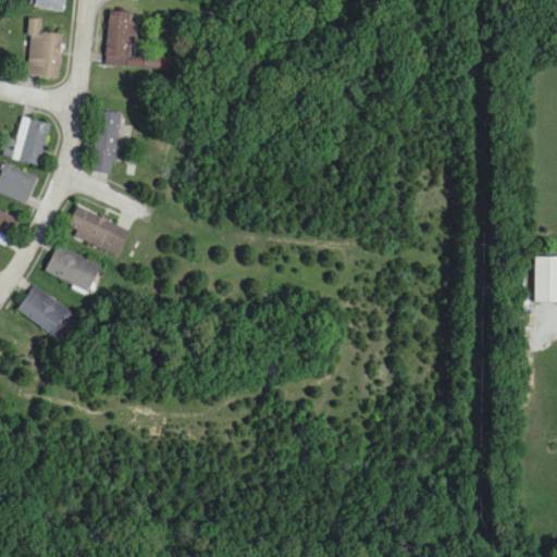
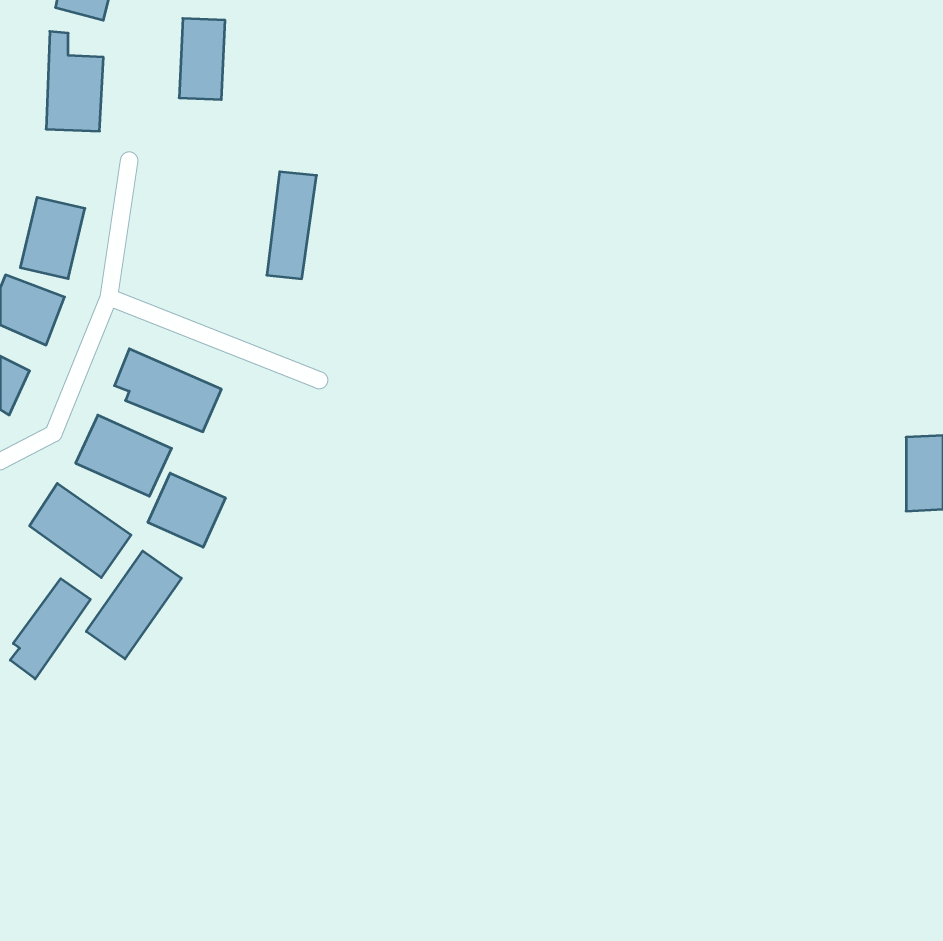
building: [91,111,121,174] -> [267,172,317,279]
building: none -> [148,473,225,547]
building: none -> [86,551,181,659]
building: none -> [10,579,90,679]

